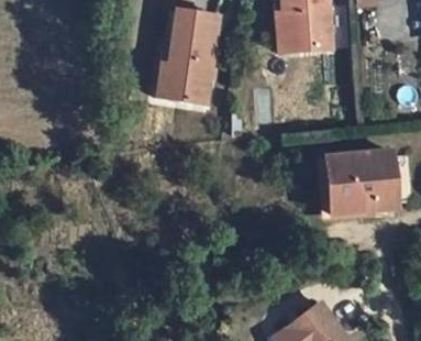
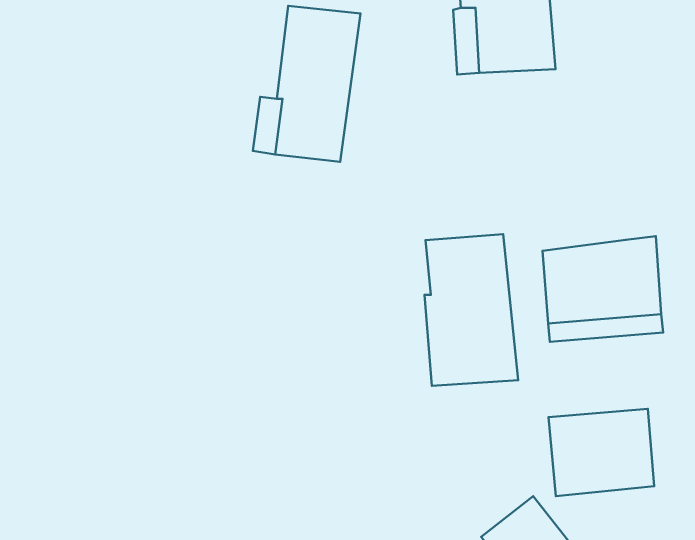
building: none -> [424,234,518,386]
building: none -> [549,409,654,496]

